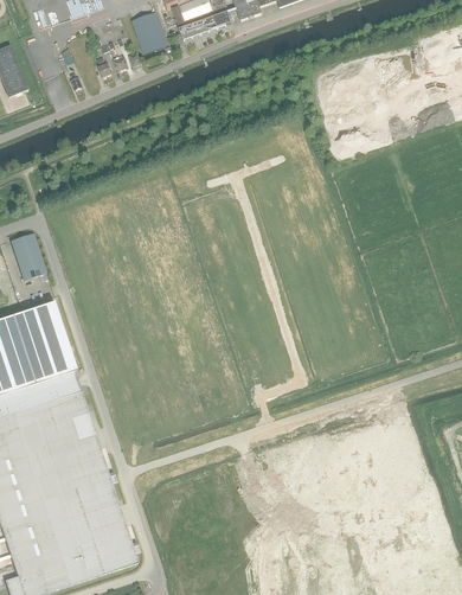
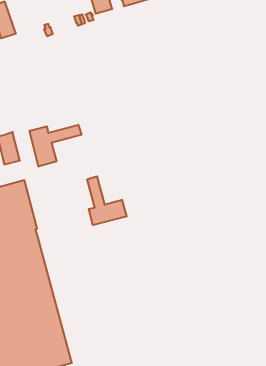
building: none -> [30,125,81,167]
building: none -> [87,176,127,225]

